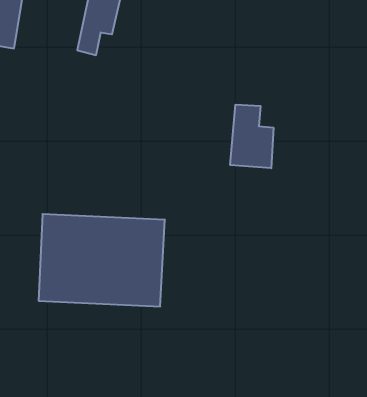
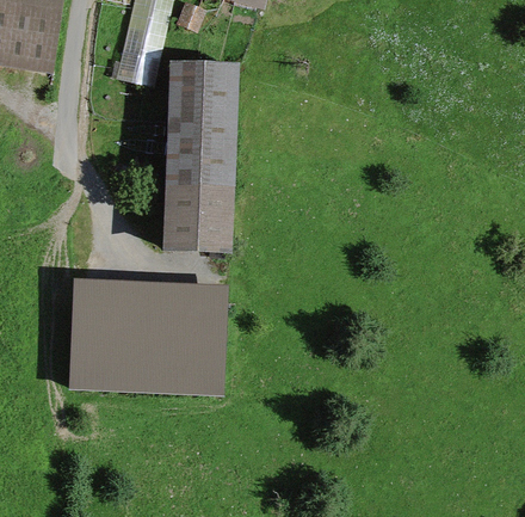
building: none -> [160,57,236,246]
building: [230,105,273,168] -> none

